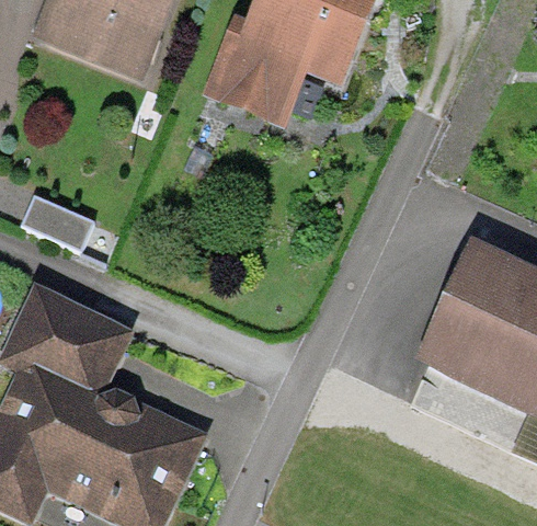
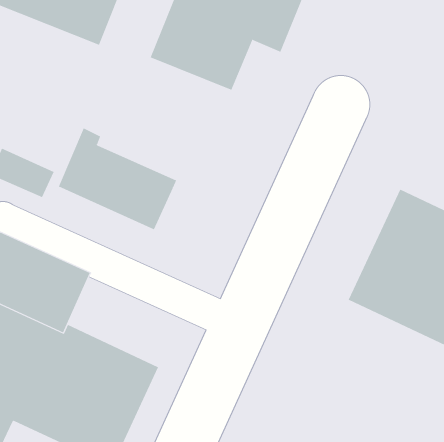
building: none -> [58,128,177,230]

